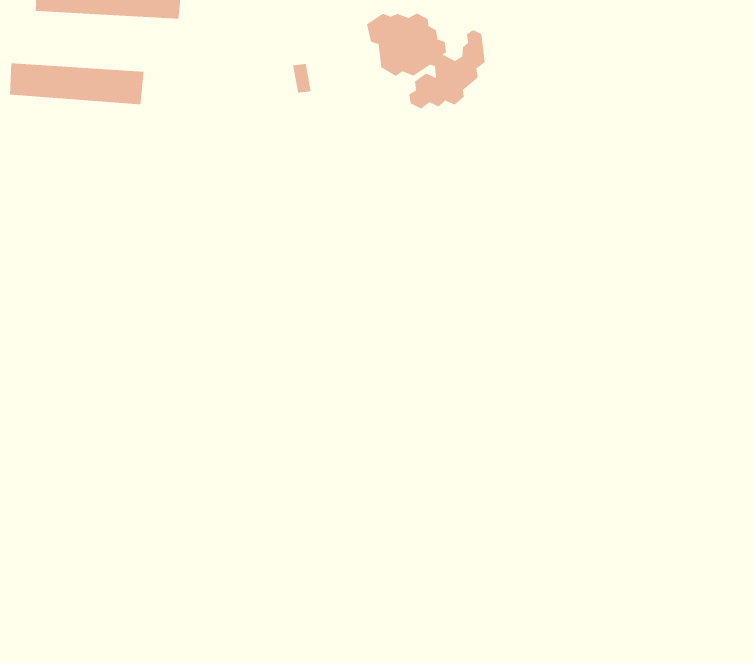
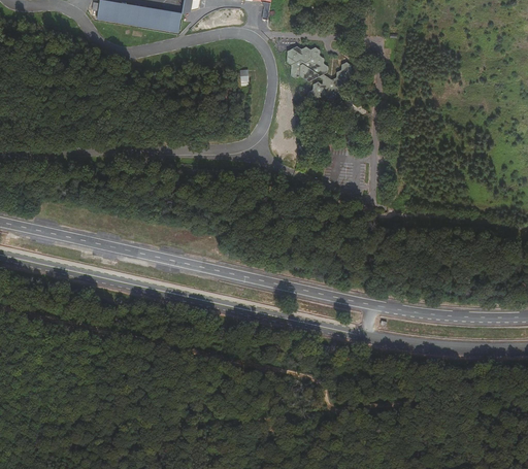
building: [10,62,144,105] -> none

